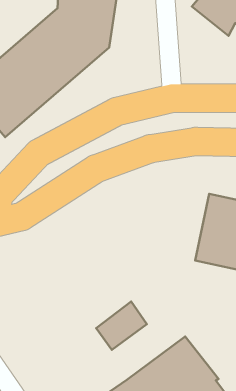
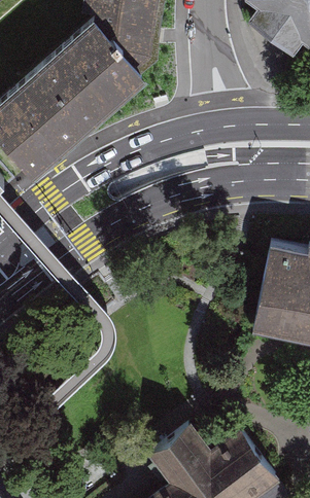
building: [96,302,147,350] -> [149,422,212,482]

